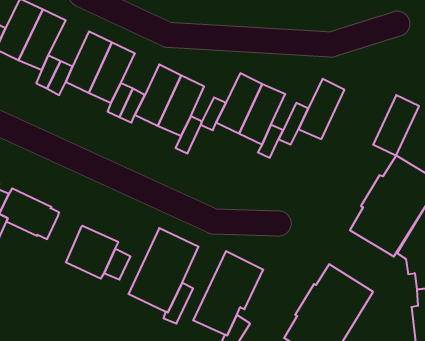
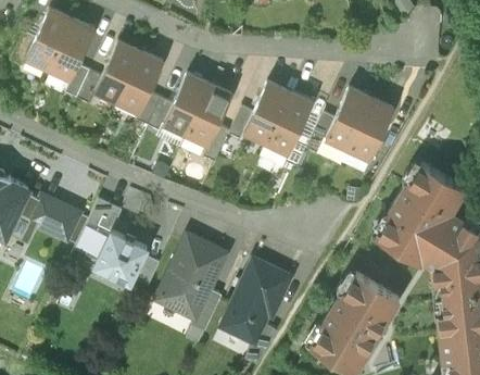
building: [373,95,419,156] -> [349,99,394,159]
building: none -> [88,201,123,235]

